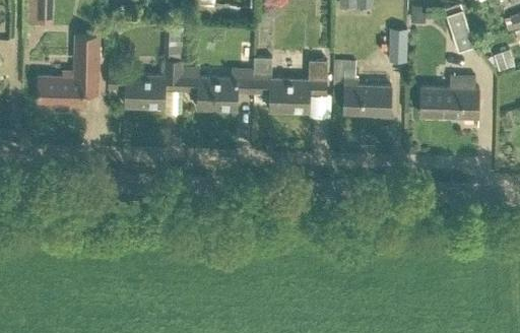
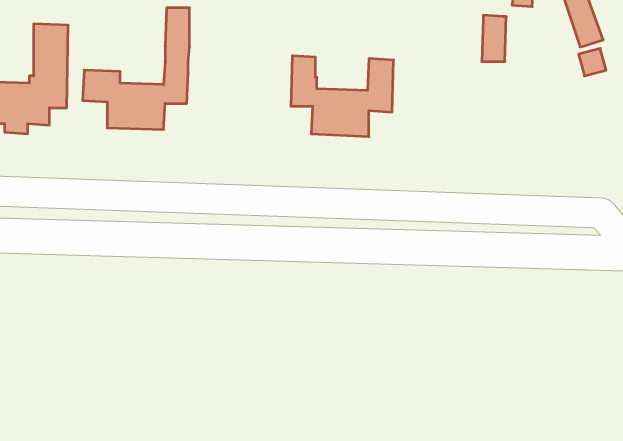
building: [182,57,256,111] -> none
building: [333,70,391,118] -> none
building: [420,77,479,118] -> none

